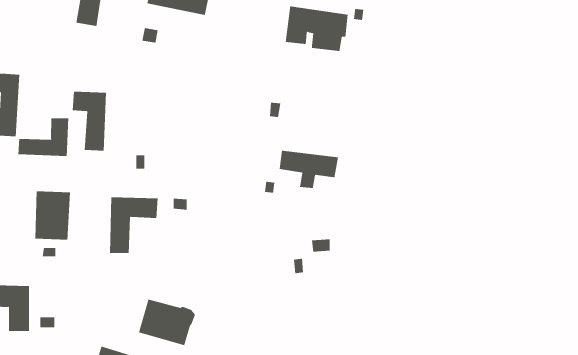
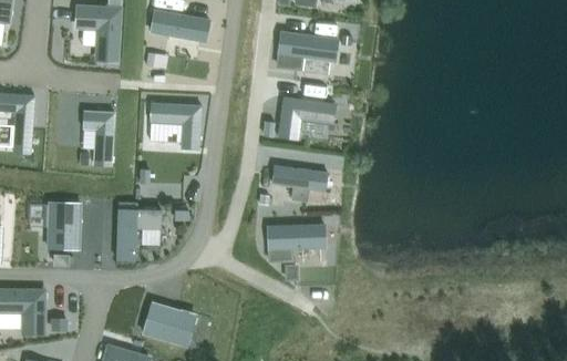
building: none -> [278,96,334,138]
building: none -> [150,102,202,148]
building: [18,117,69,157] -> none
building: none -> [268,225,326,260]

